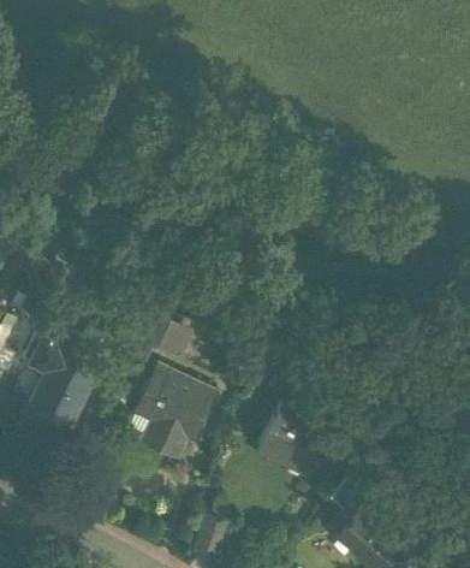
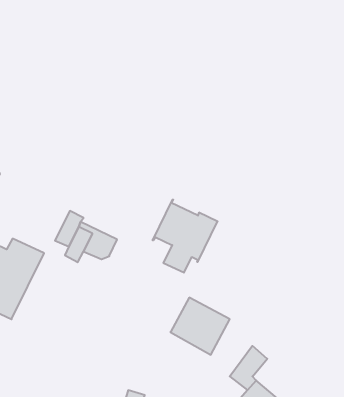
building: [133,367,213,456] -> [152,200,218,273]

